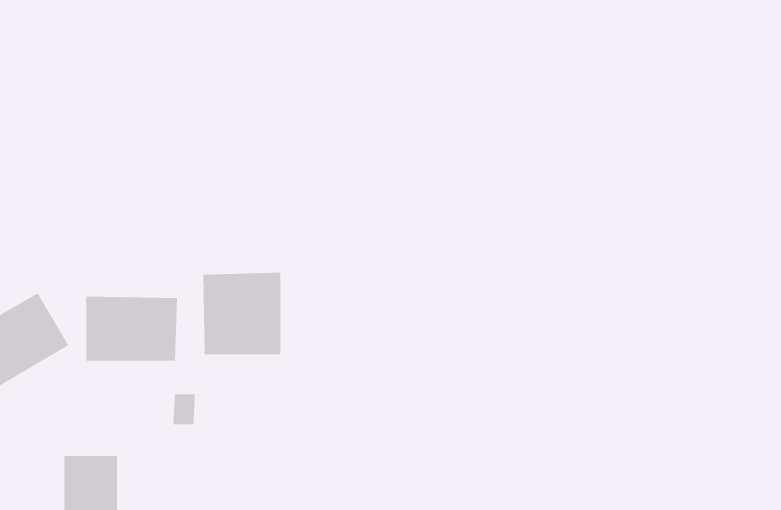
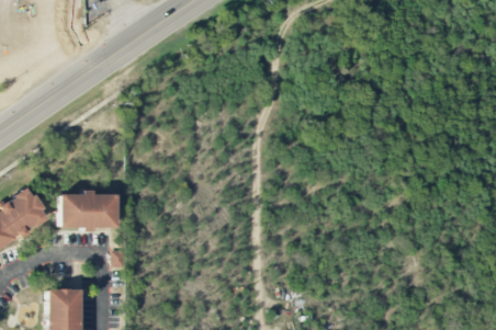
building: [203,272,281,355] -> none

